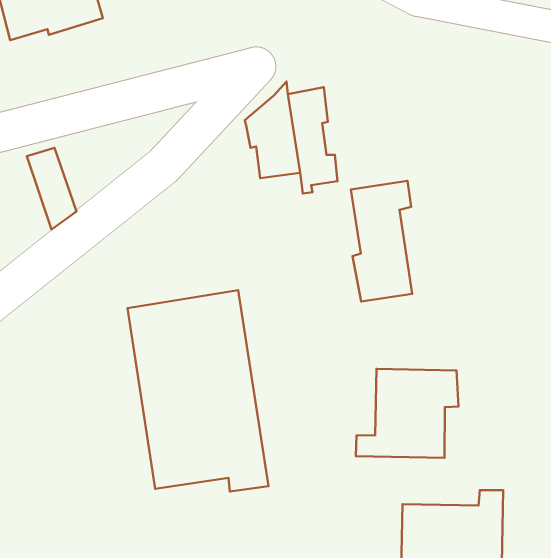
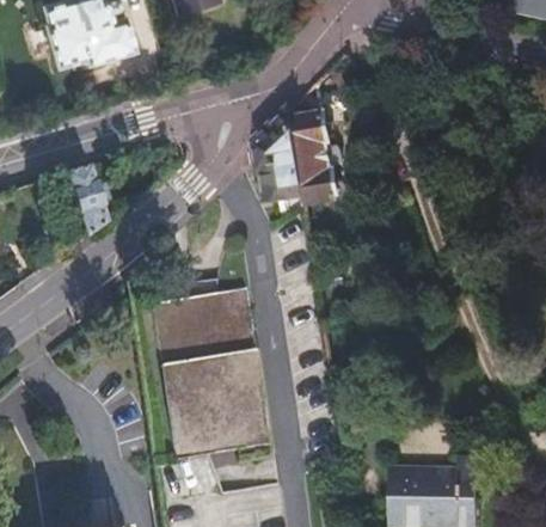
building: [351,181,412,302] -> none
building: [356,369,458,458] -> none

